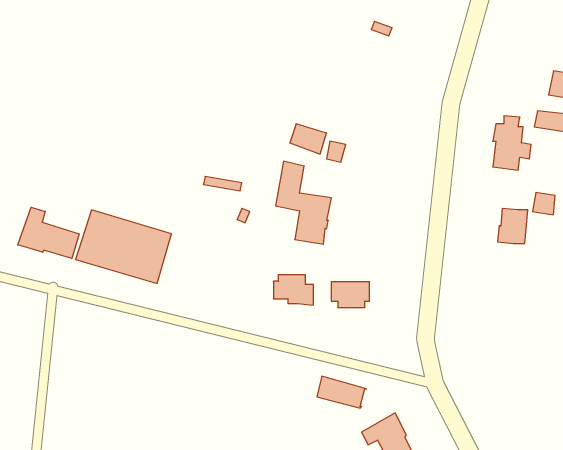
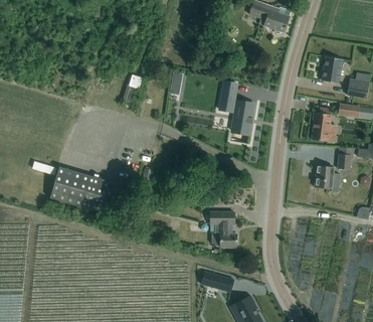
building: none -> [322,56,343,84]
building: [276,161,331,244] -> [219,82,254,134]
building: [18,207,79,259] -> none
building: [273,275,313,305] -> [211,228,236,248]

